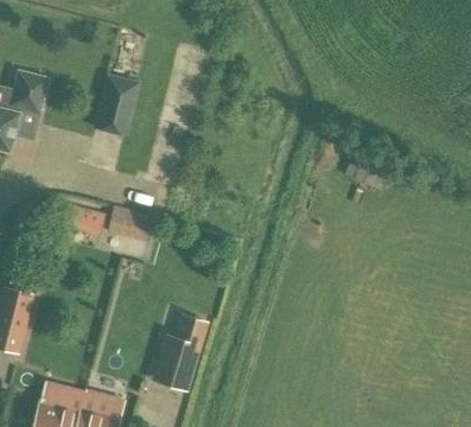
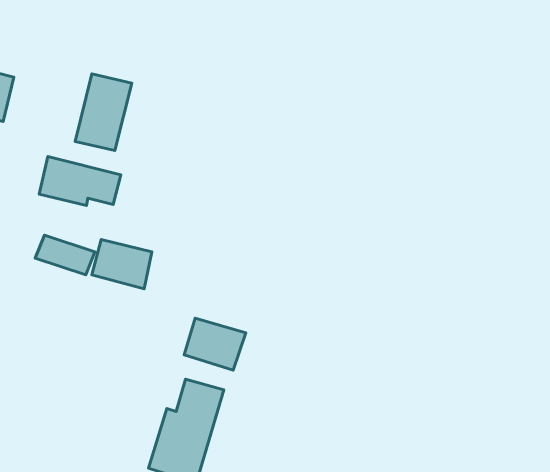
building: none -> [39,157,121,205]
building: none -> [184,318,246,370]

